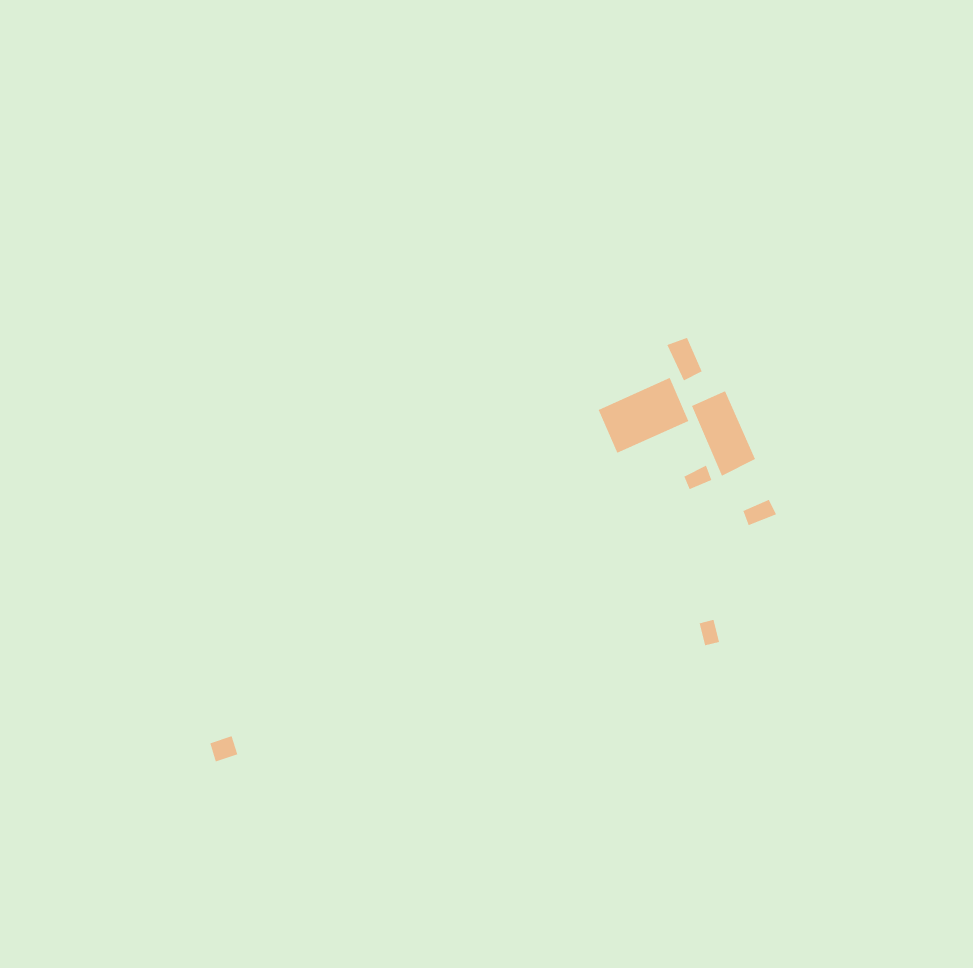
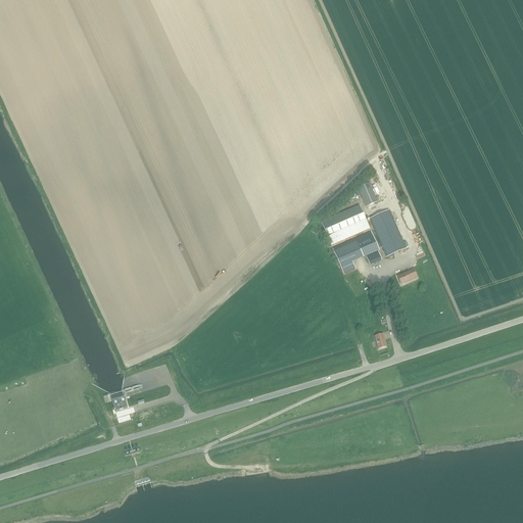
building: none -> [332,229,379,272]

